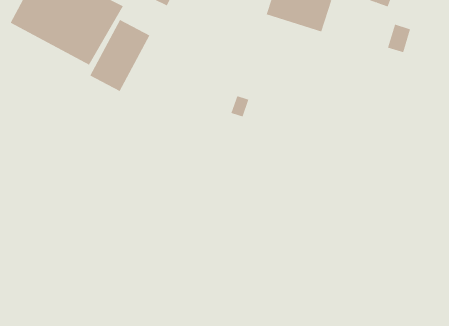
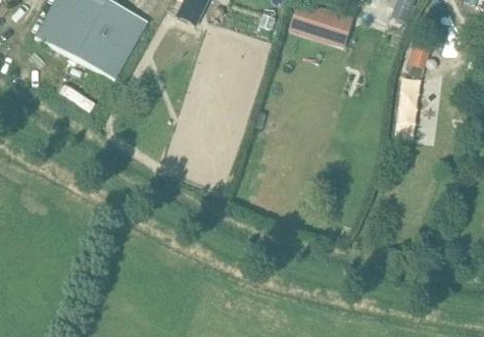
building: [89,19,150,92] -> none

